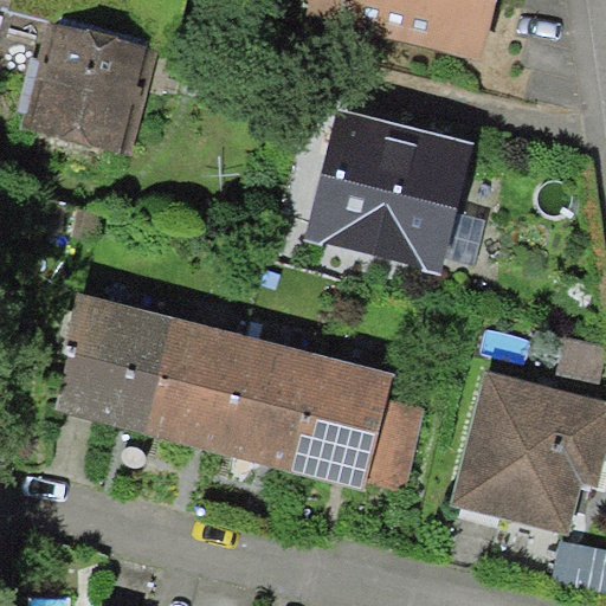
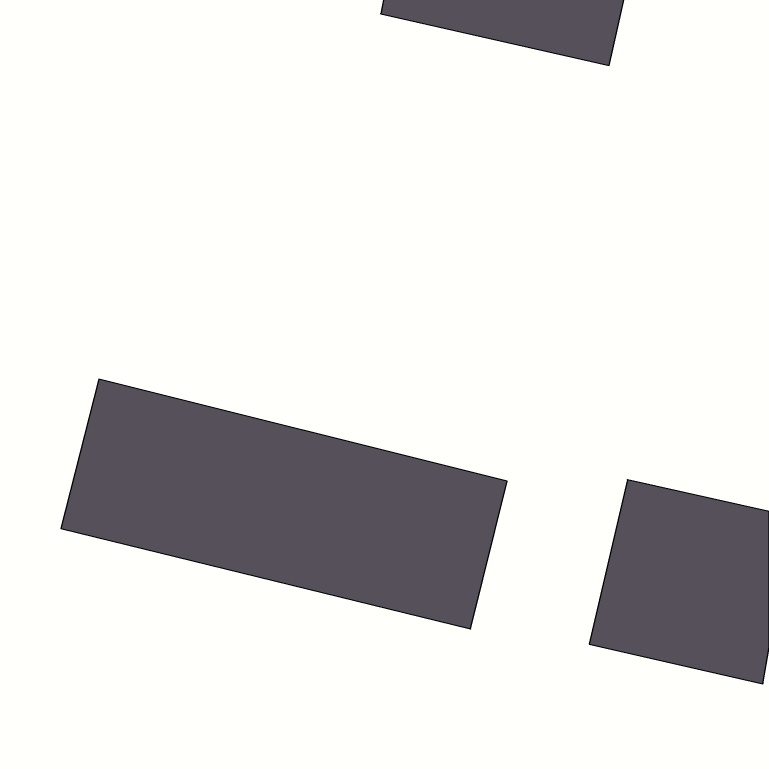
building: [22,21,148,154] -> none
building: [312,114,473,269] -> none

